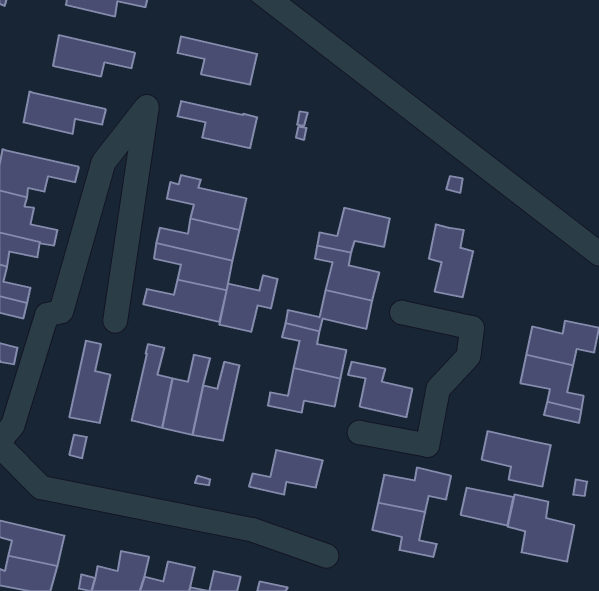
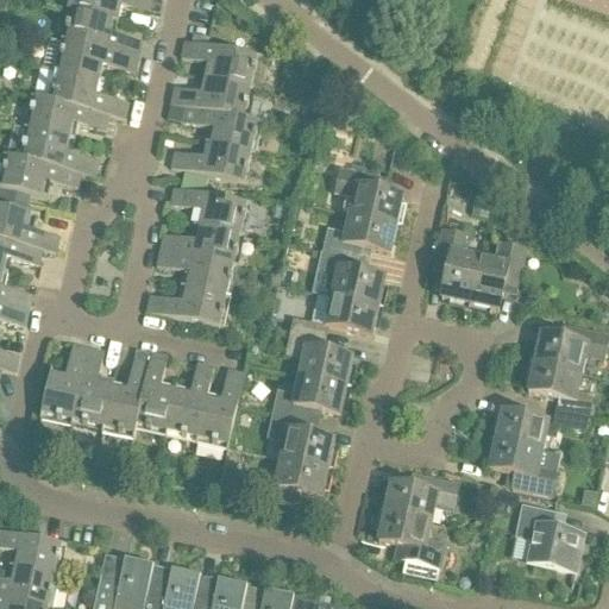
building: none -> [59,5,140,54]
building: none -> [33,63,127,115]
building: none -> [169,75,253,117]
building: none -> [6,121,98,172]
building: none -> [170,139,253,182]
building: none -> [337,165,402,221]
building: none -> [469,239,525,308]
building: [220,275,277,332] -> none
building: none -> [39,341,87,422]
building: none -> [101,354,149,435]
building: [348,362,412,417] -> [268,410,333,466]
building: [461,488,513,525] -> [494,409,547,447]

